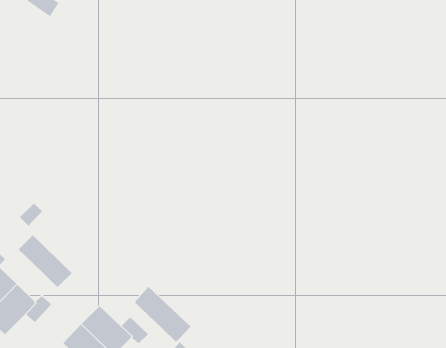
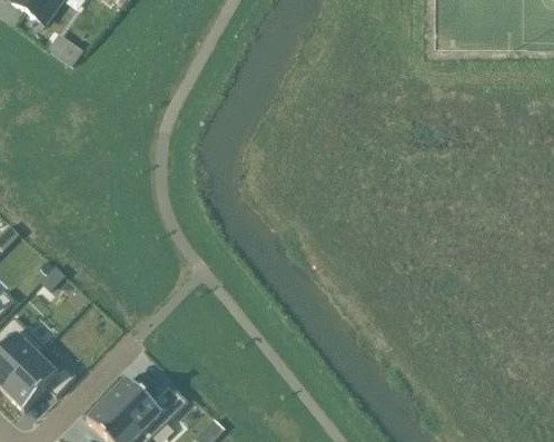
building: [18,235,73,288] -> none
building: [134,286,191,342] -> none

